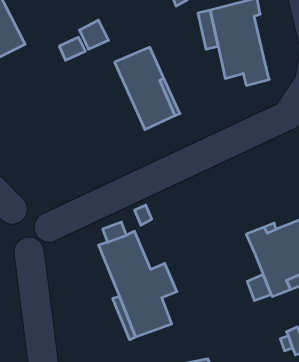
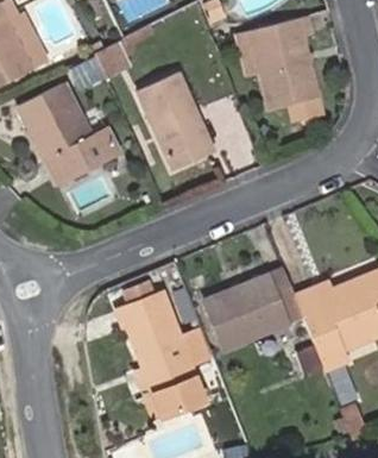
building: none -> [18,82,118,182]
building: none -> [203,269,303,349]

